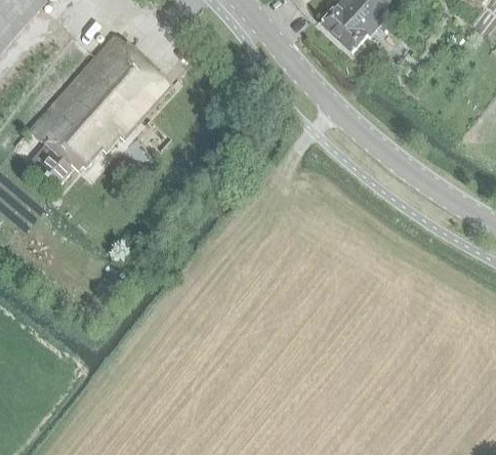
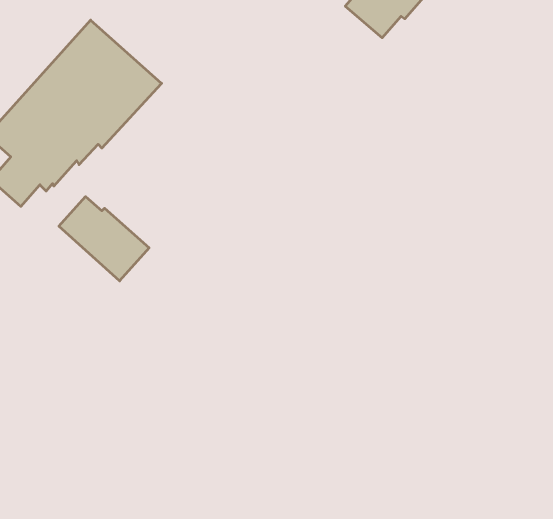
building: none -> [59,197,149,281]

